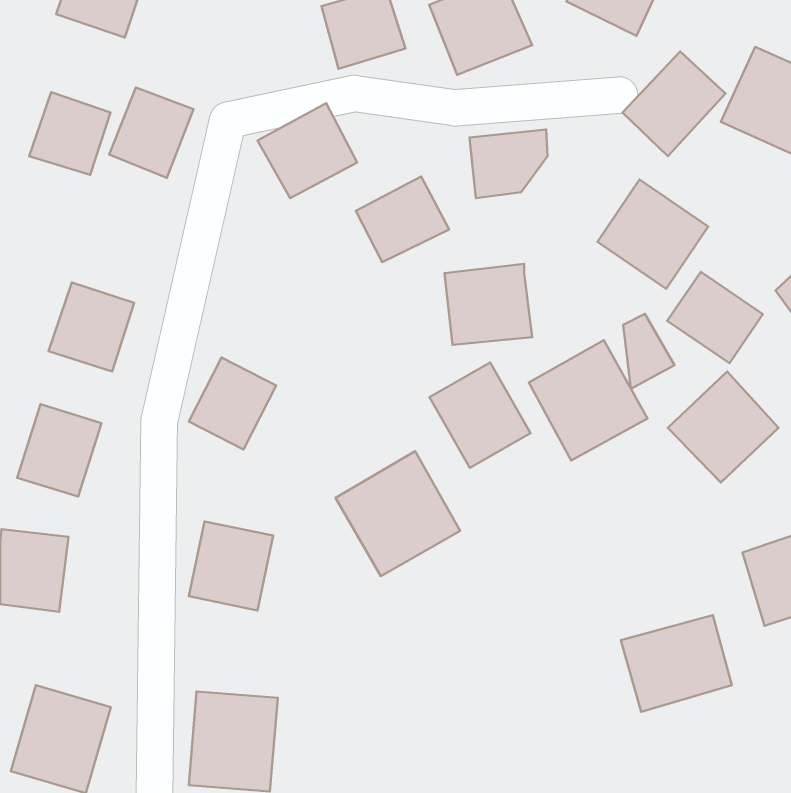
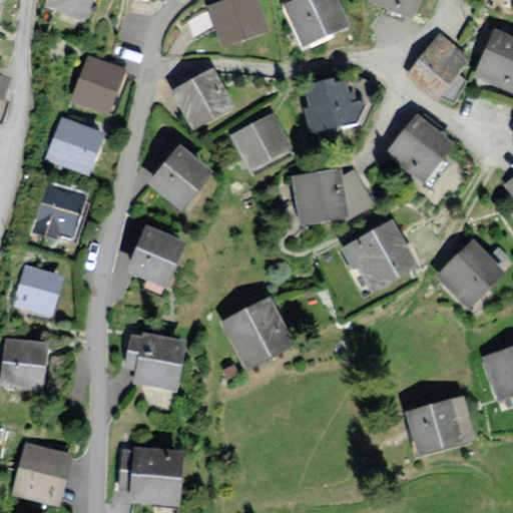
building: [29,92,110,175] -> [53,118,105,171]
building: none -> [145,144,209,209]
building: [667,272,763,363] -> none
building: [623,314,675,389] -> [341,168,374,216]
building: [430,363,530,468] -> none

